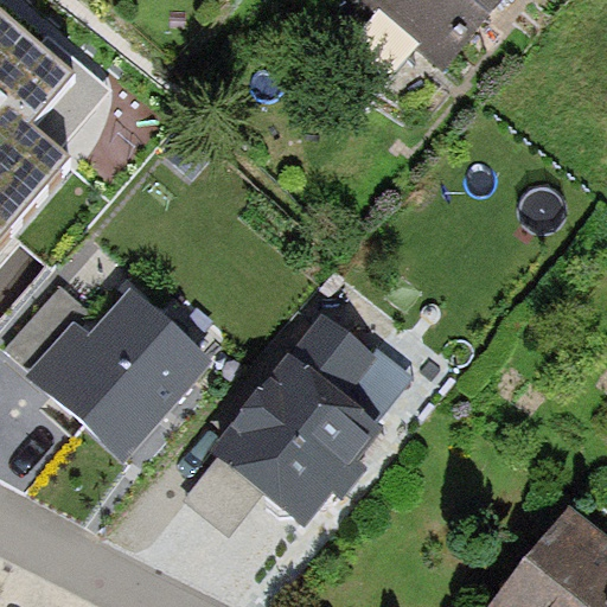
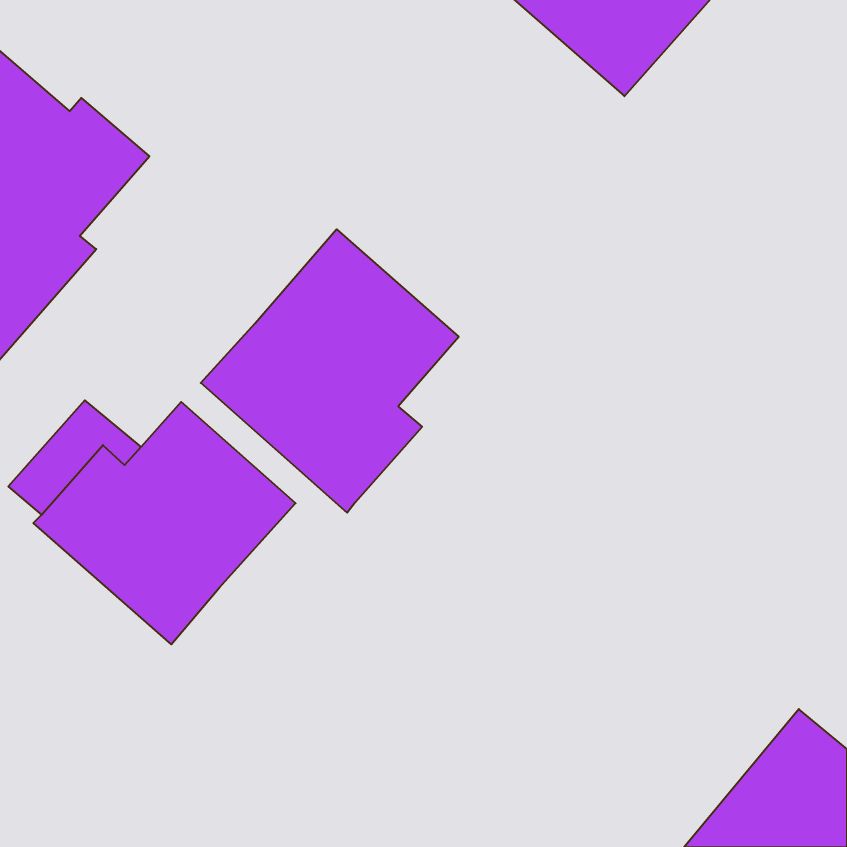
building: none -> [201,229,459,513]
building: [186,312,382,533] -> none

